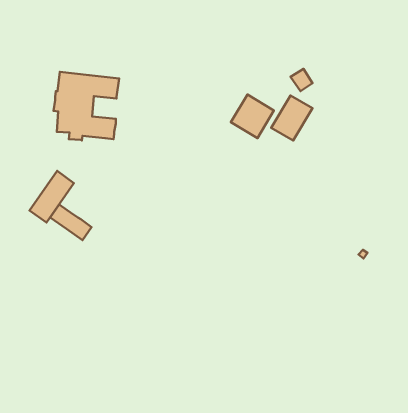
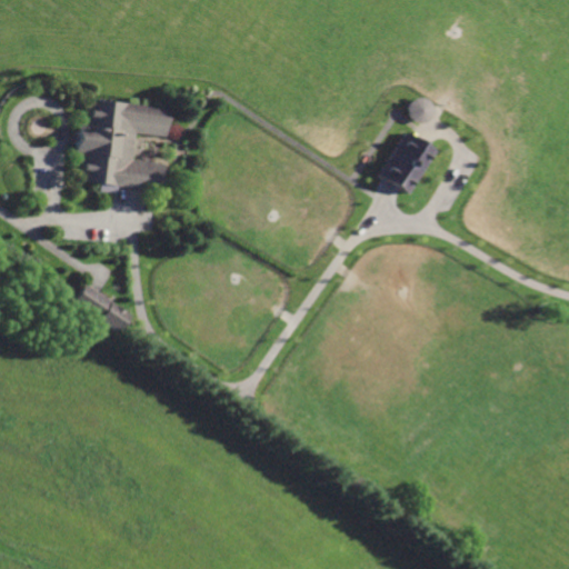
building: [231,94,274,138] -> none
building: [29,171,74,222] -> none

